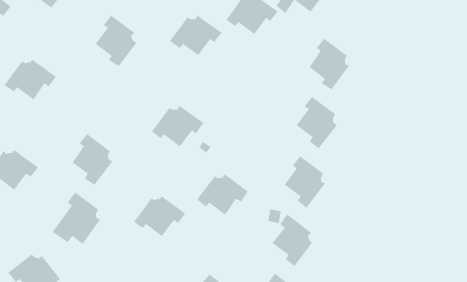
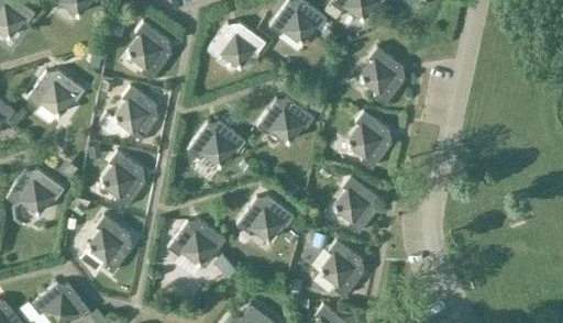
building: none -> [113,87,158,144]
building: none -> [257,98,314,143]

